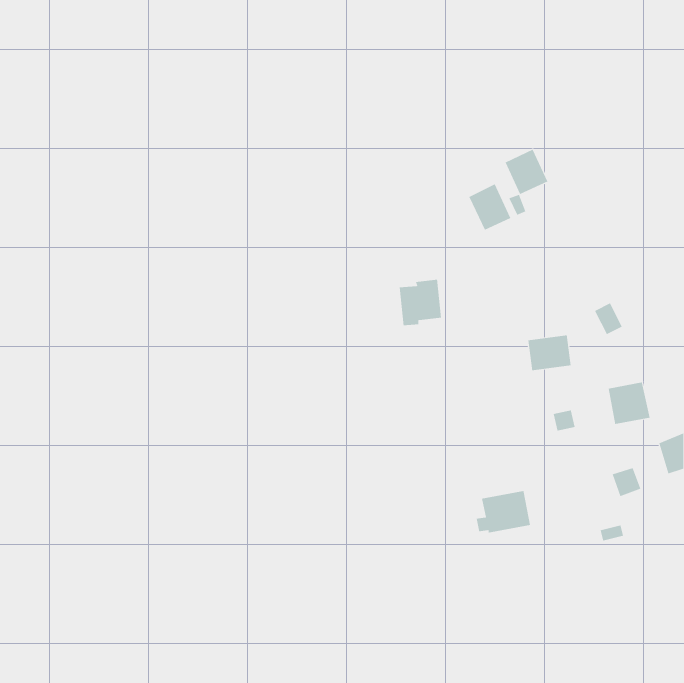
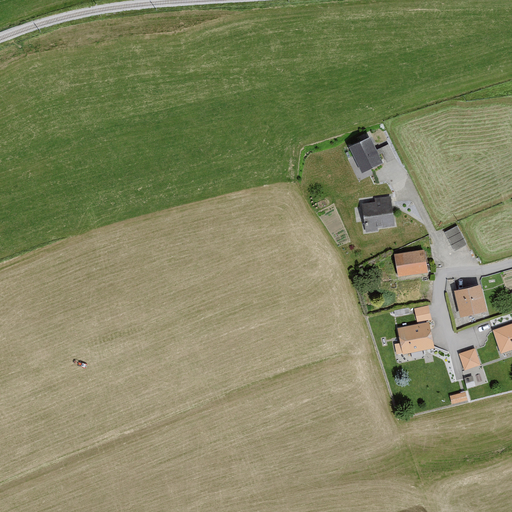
building: [505,149,548,195] -> none
building: [399,279,442,326] -> [361,197,393,232]
building: [476,490,531,533] -> [393,323,434,355]

